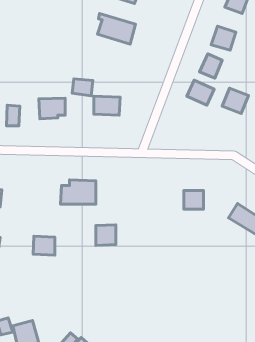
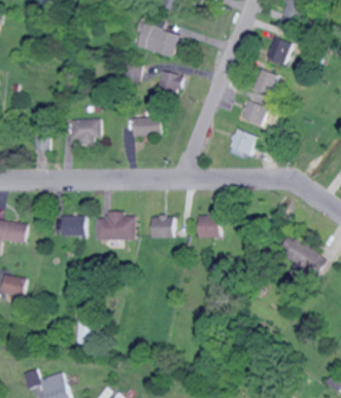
building: [72,79,93,96] -> [159,72,182,92]
building: [222,88,248,113] -> [228,128,258,156]
building: [184,190,204,209] -> [198,215,220,237]
building: [96,225,116,245] -> [150,215,173,239]
building: [33,236,55,255] -> [60,215,84,237]

